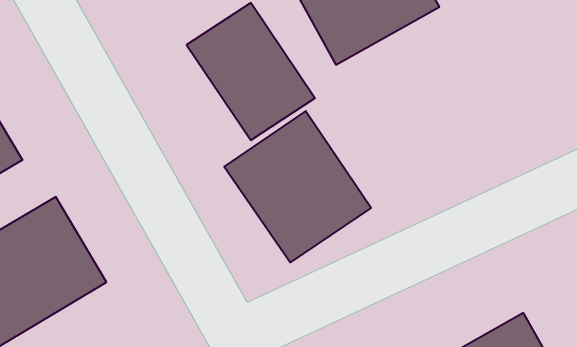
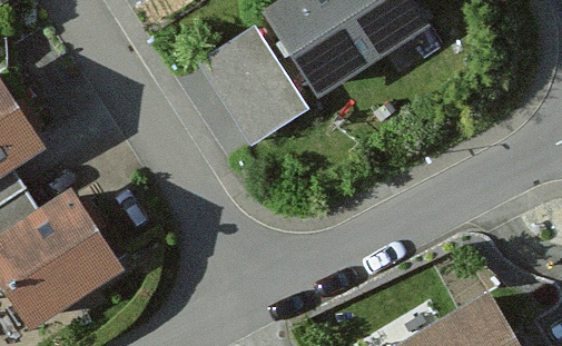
building: [224,111,371,262] -> none

